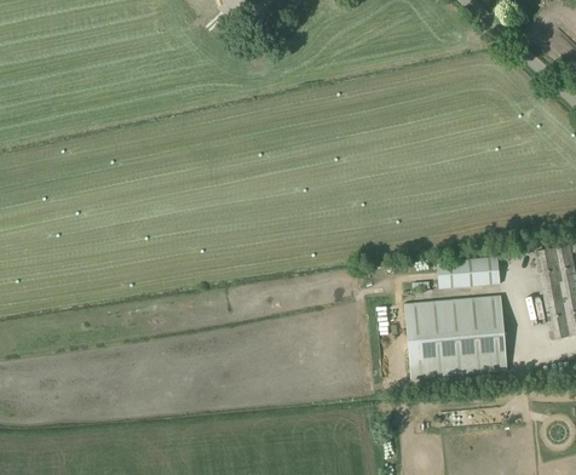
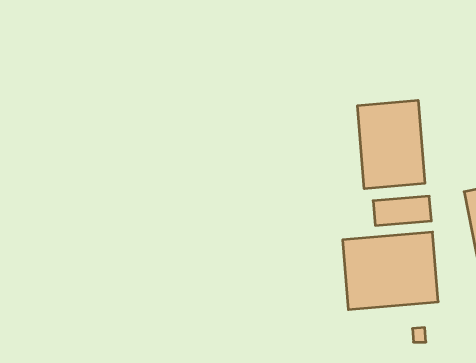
building: none -> [358,100,425,189]

